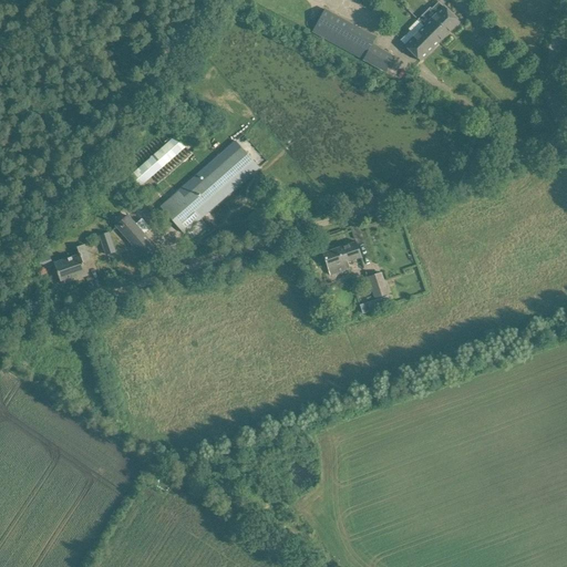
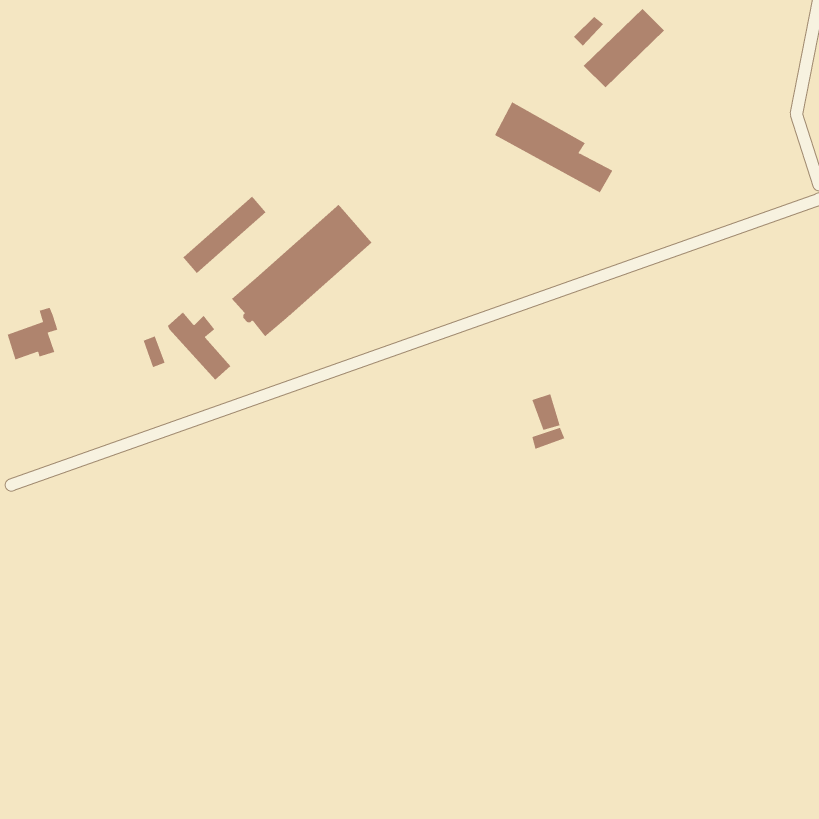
building: [311,8,393,71] -> [494,101,613,193]
building: [321,240,360,275] -> none
building: [53,244,89,280] -> [7,307,58,360]

